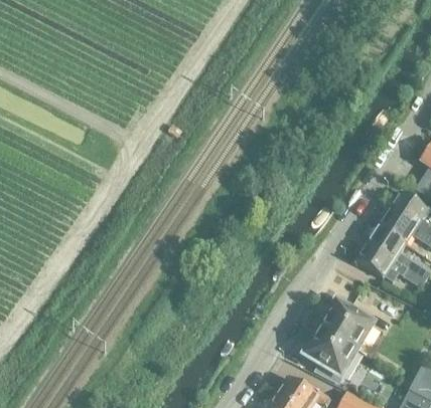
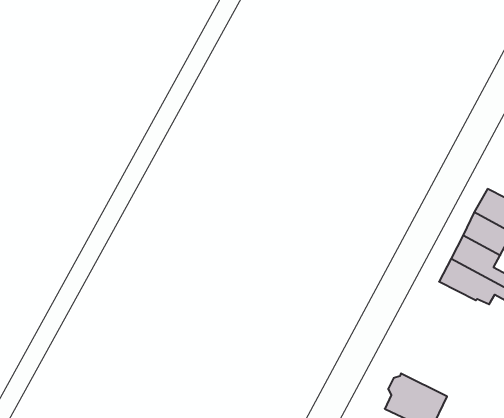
building: [320,302,371,349] -> none

